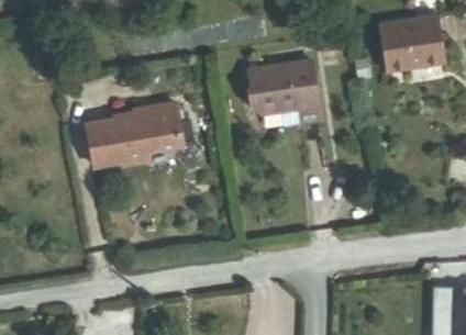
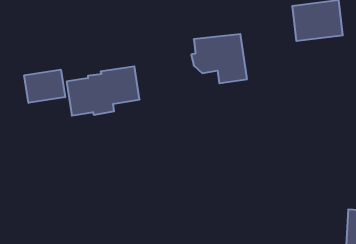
building: none -> [24,70,65,103]

